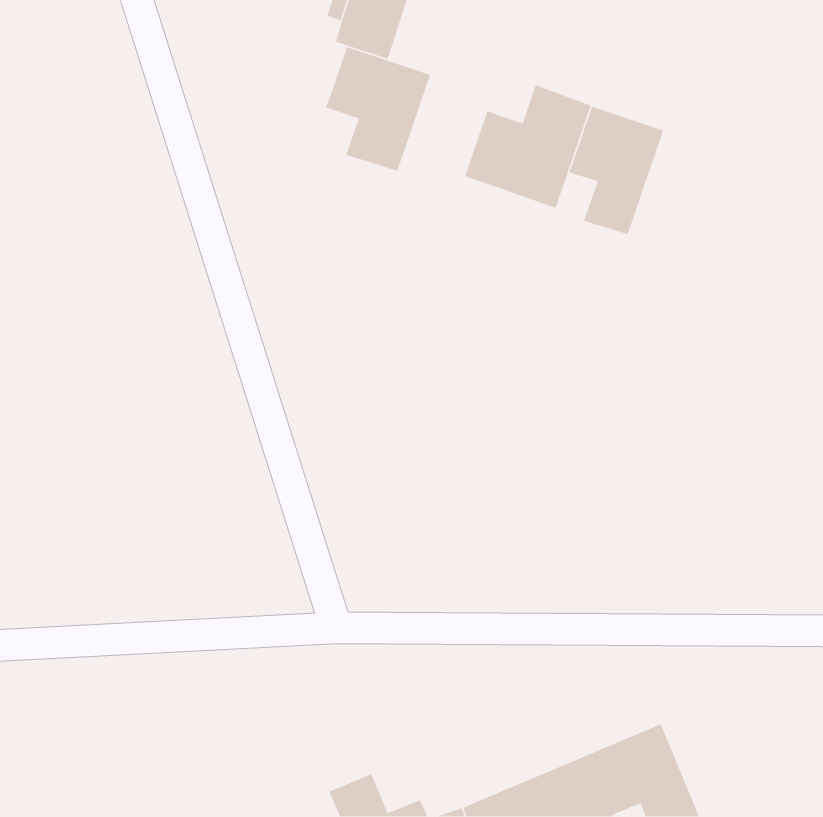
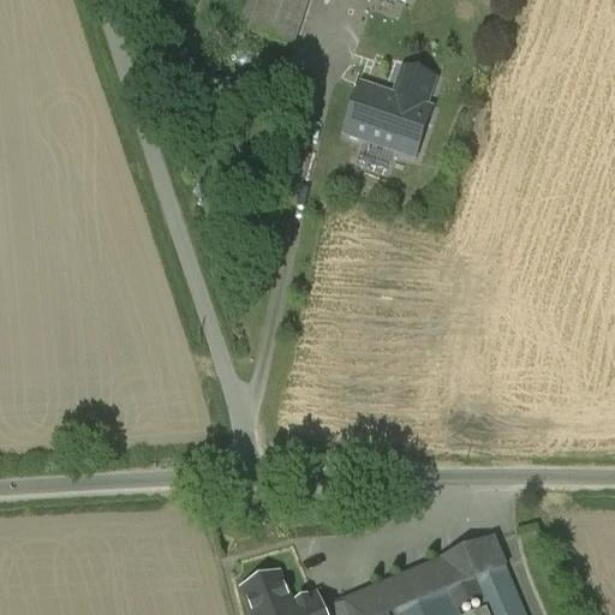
building: [325,46,431,172] -> none
building: [568,106,664,235] -> none

